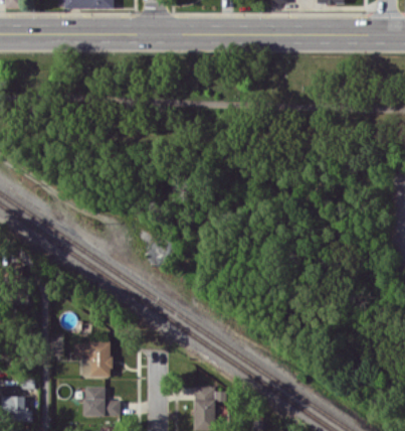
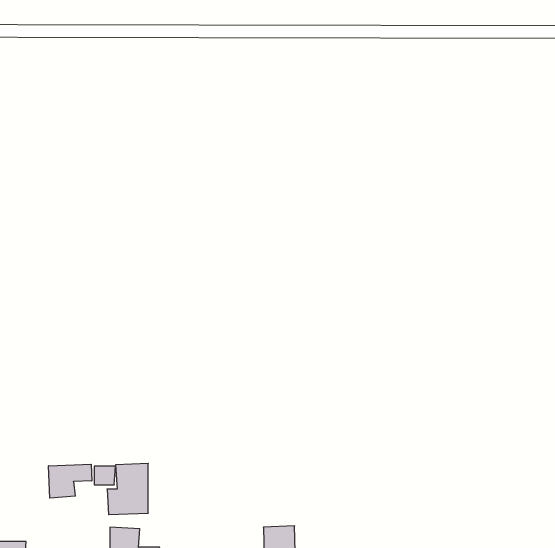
building: none -> [49,464,92,498]

